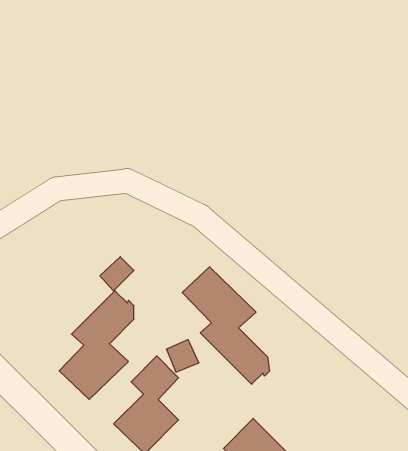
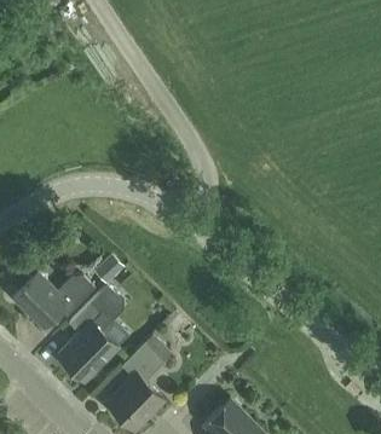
building: [182,267,269,384] -> none
building: none -> [11,273,93,329]

